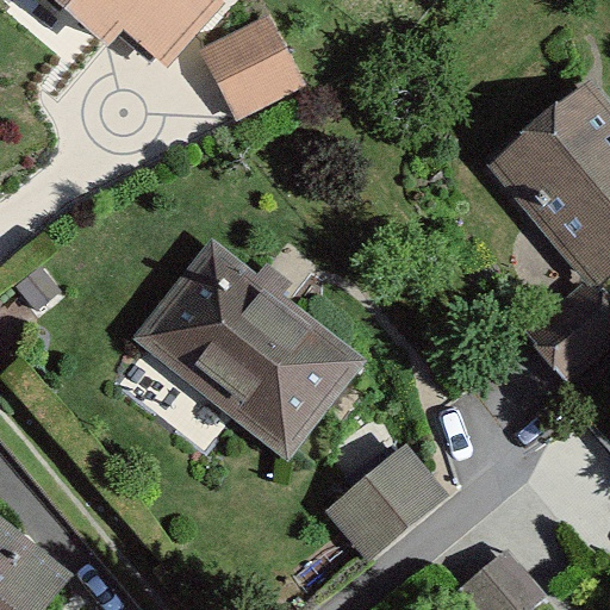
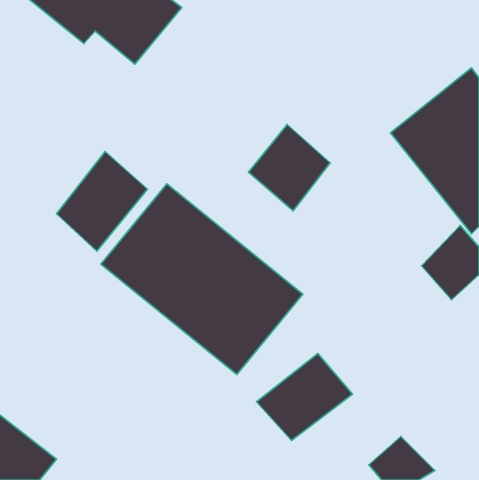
building: [199,13,303,114] -> none
building: none -> [248,124,330,211]
building: none -> [57,151,147,251]

